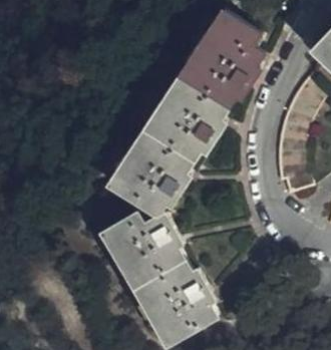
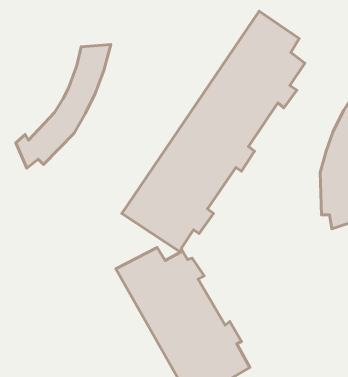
building: none -> [16,45,111,168]

